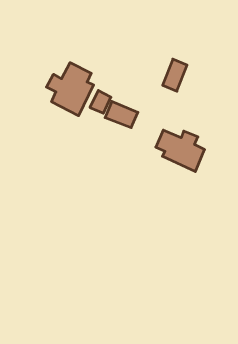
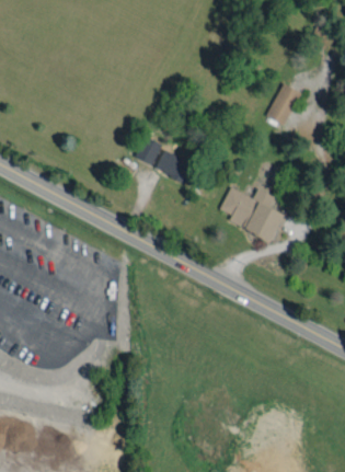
building: [163,59,187,91] -> [267,84,299,126]
building: [46,63,94,116] -> none

